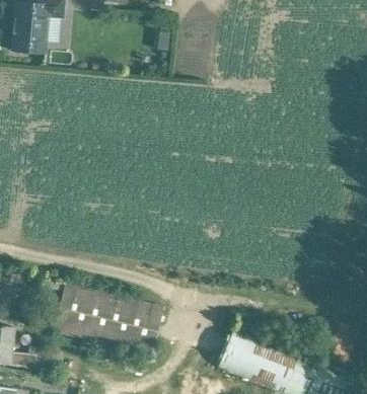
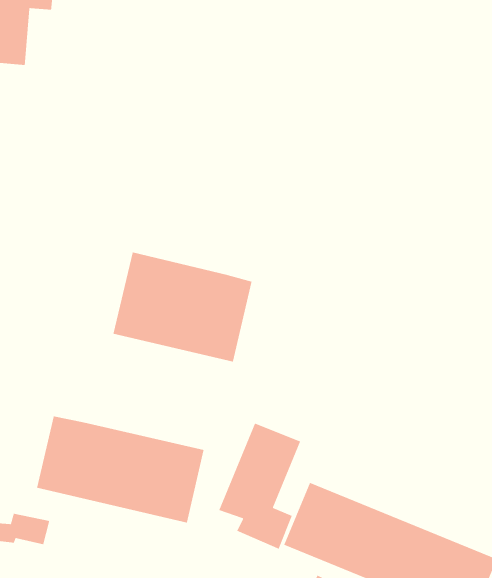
building: none -> [112,251,253,362]
building: none -> [218,422,301,550]

